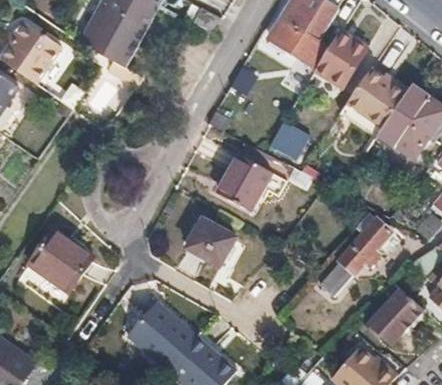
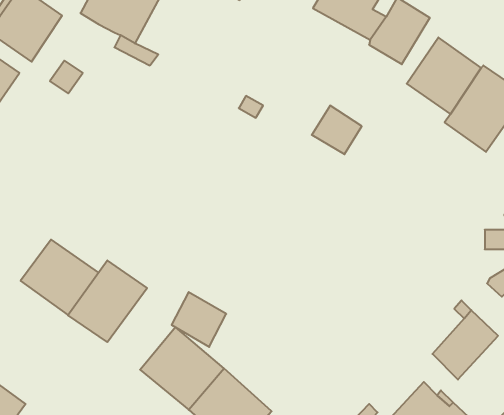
building: [217,155,269,211] -> none
building: [322,212,390,296] -> none
building: [189,220,234,265] -> [172,292,226,347]
building: none -> [68,260,147,342]

